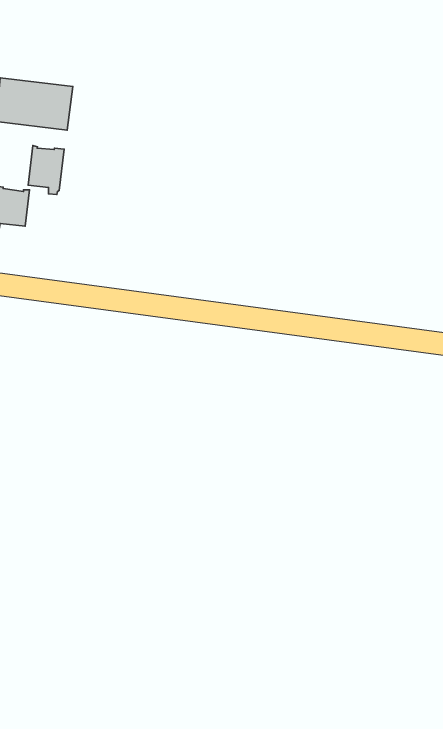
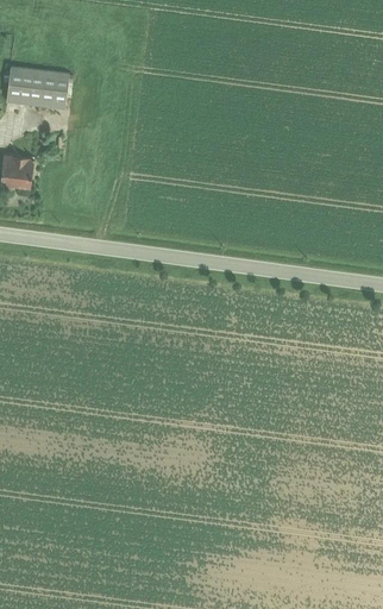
building: [28,145,64,195] -> none

